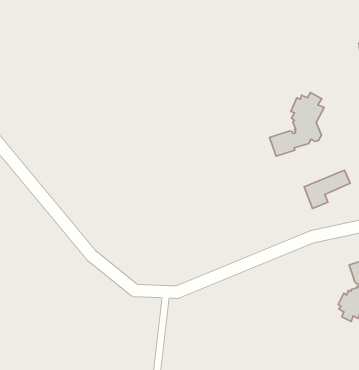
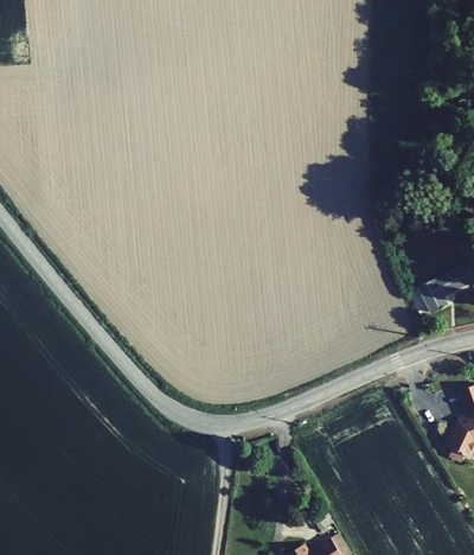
building: [269,93,324,156] -> none

